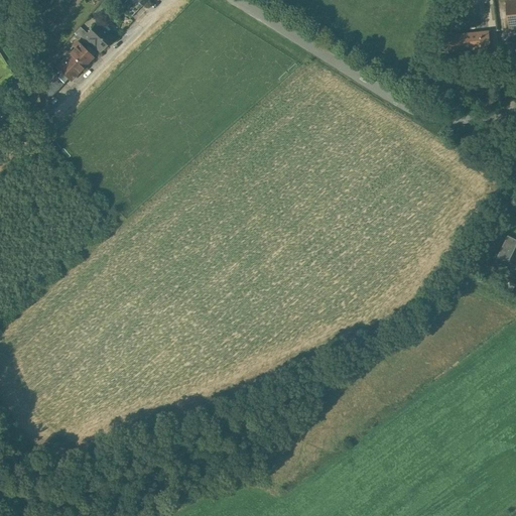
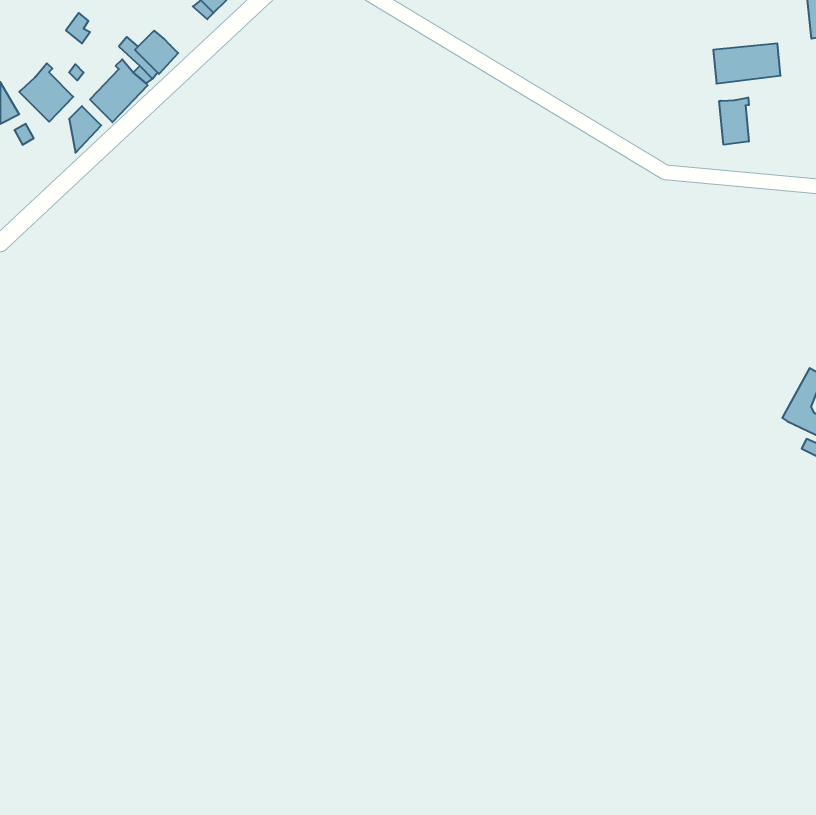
building: none -> [19,63,73,122]
building: none -> [719,97,749,145]

